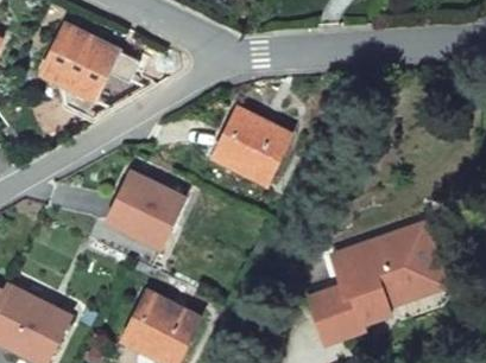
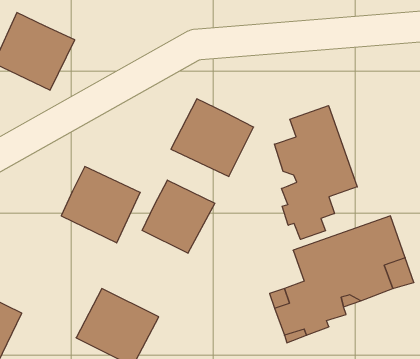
building: none -> [274,106,357,239]
building: none -> [142,180,215,253]

